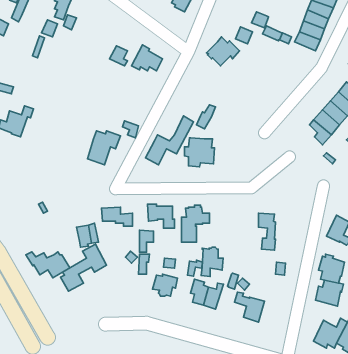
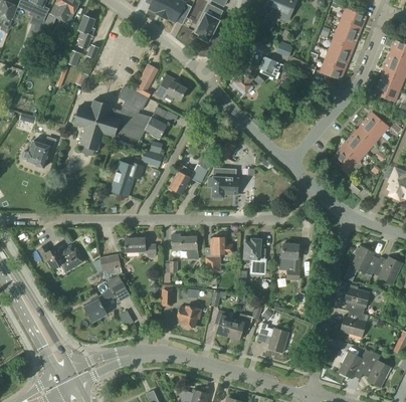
building: none -> [72,85,167,157]
building: [201,247,223,276] -> [243,237,265,266]
building: [26,252,70,278] -> [38,245,82,271]

